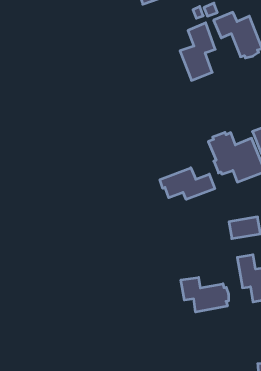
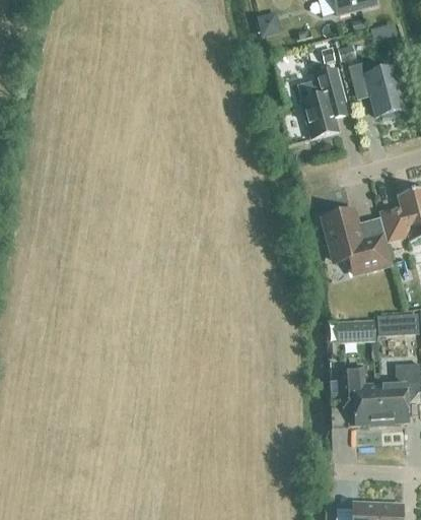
building: [160,168,215,199] -> none
building: [181,277,228,312] -> none

